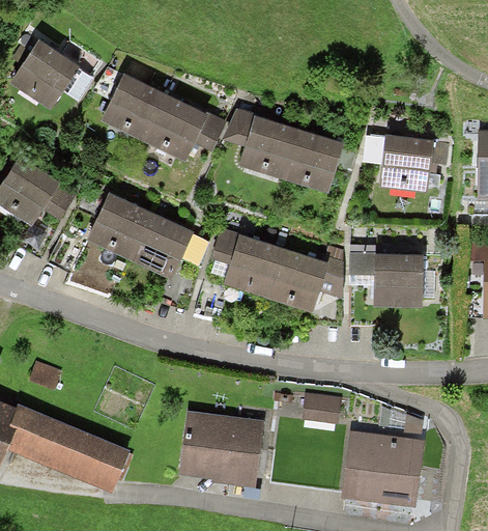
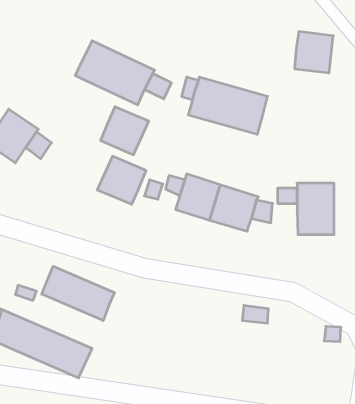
building: [22,49,82,109] -> none
building: [382,142,430,193] -> [295,32,333,73]
building: [89,197,148,256] -> [101,107,149,155]
building: none -> [42,266,115,321]
building: [180,418,262,487] -> none
building: [347,438,419,498] -> none

